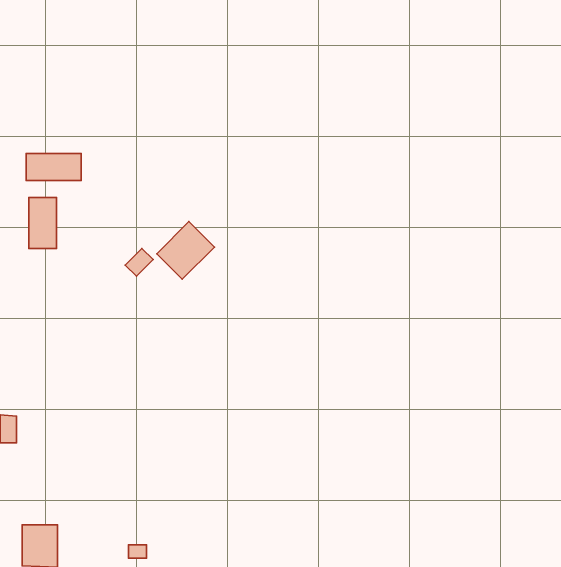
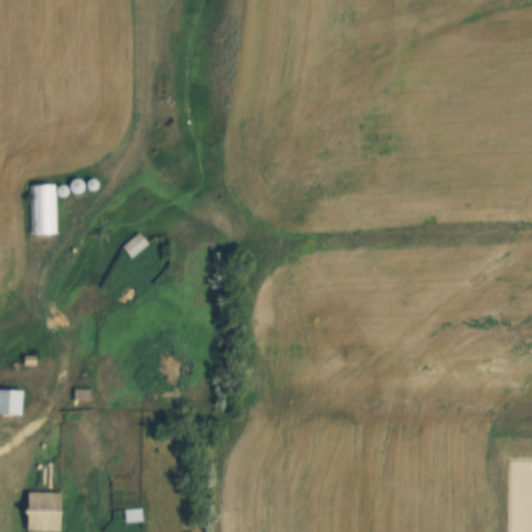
building: [26,154,81,180] -> none
building: [157,222,214,279] -> none

